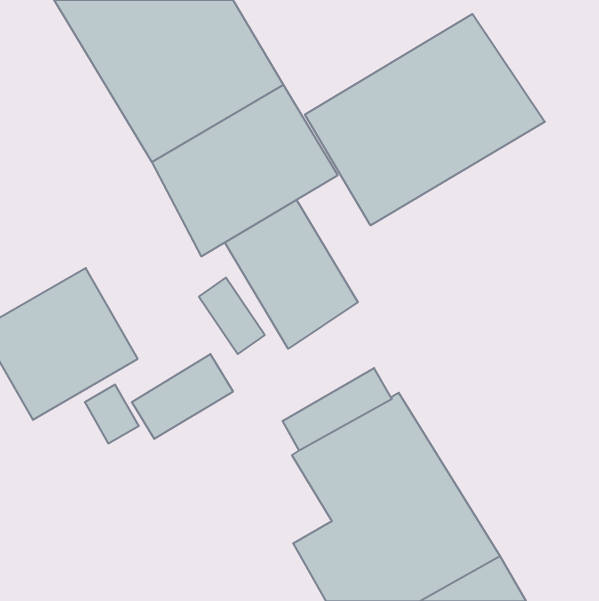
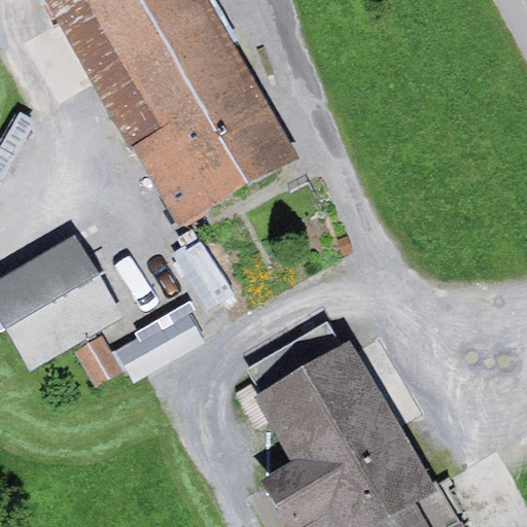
building: [305,14,545,225] -> none
building: [225,200,358,349] -> none

